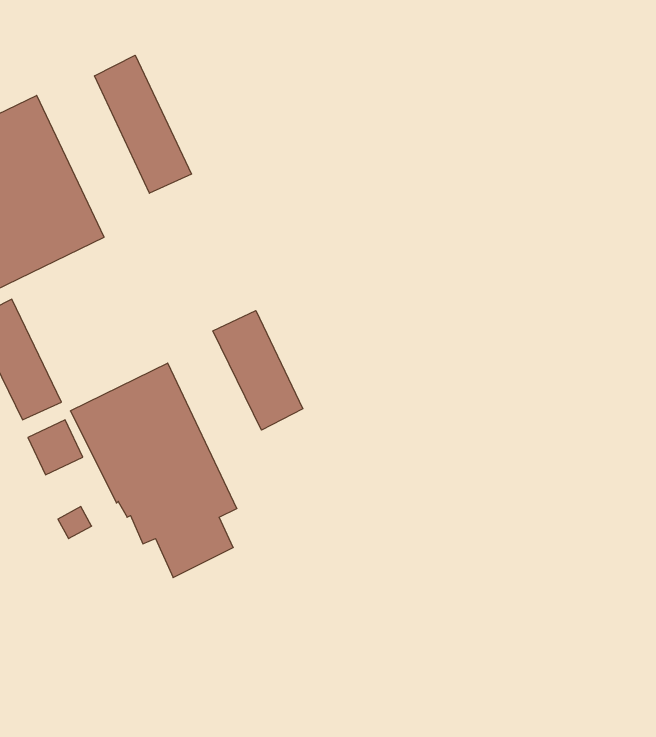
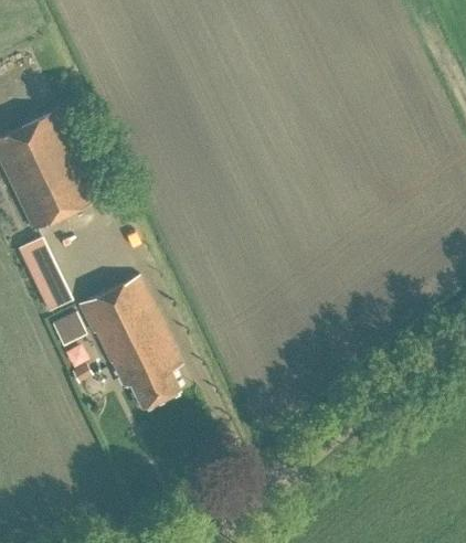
building: [95,55,191,193] -> none
building: [213,311,303,430] -> none

